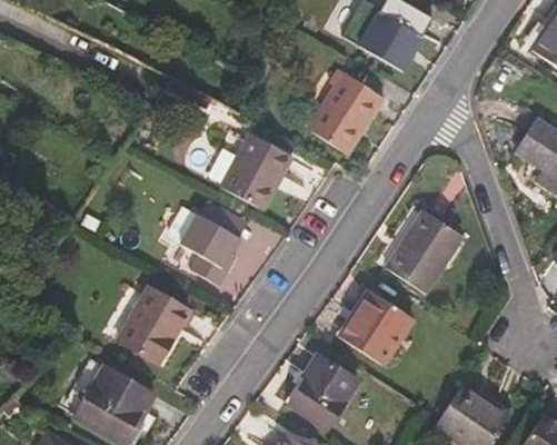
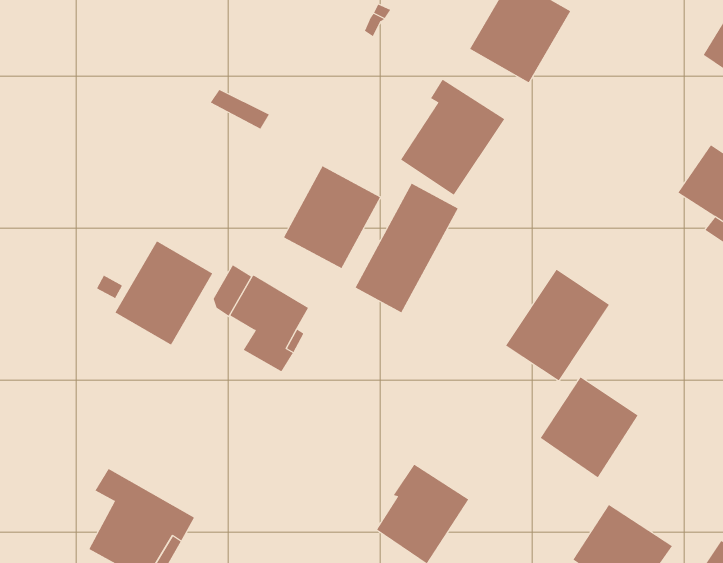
building: none -> [355,183,458,313]
building: [117,286,190,364] -> [114,241,213,345]
building: [339,289,412,365] -> [540,376,639,478]

